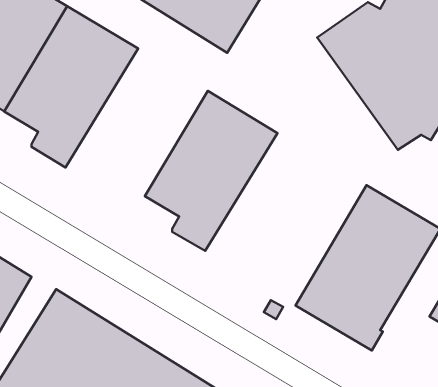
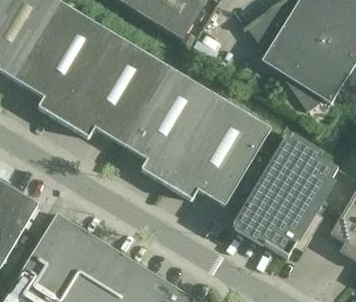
building: none -> [63,36,167,144]
building: none -> [165,98,271,207]

